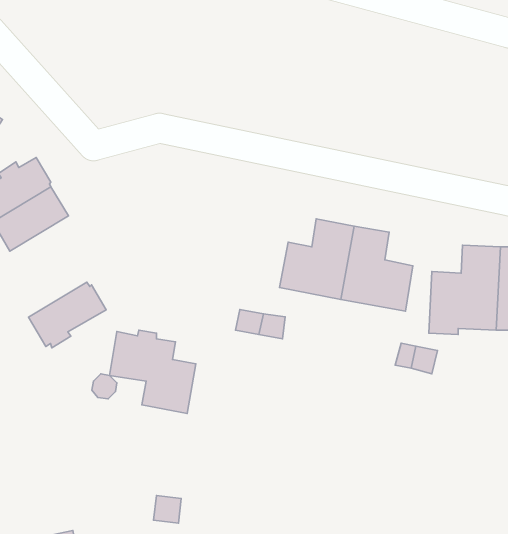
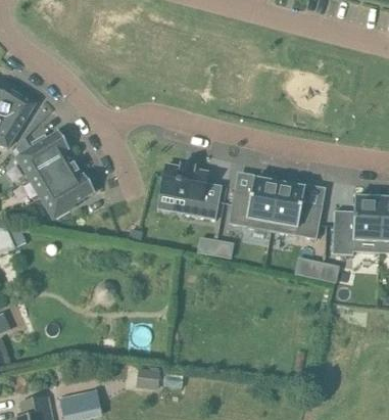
building: [28,282,106,348] -> [40,173,94,219]
building: [110,330,196,414] -> [161,162,222,221]

